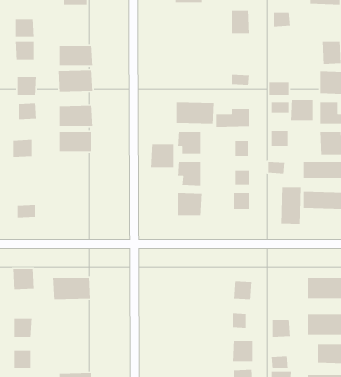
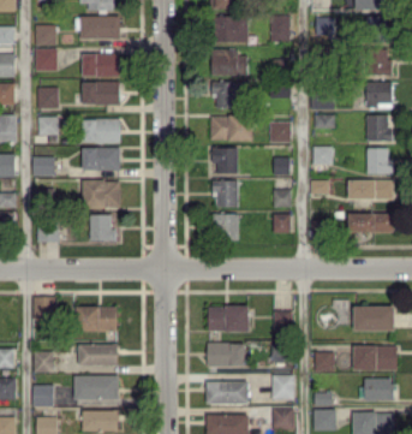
building: none -> [80,16,119,40]
building: none -> [214,16,247,43]
building: none -> [211,49,247,76]
building: none -> [211,82,241,108]
building: [290,99,313,121] -> none
building: [150,143,174,168] -> none
building: none -> [83,180,120,208]
building: [281,186,301,225] -> none
building: none -> [90,215,115,242]
building: none -> [208,305,249,332]
building: none -> [207,343,245,368]
building: none -> [78,345,118,365]
building: none -> [73,375,119,399]
building: none -> [207,381,249,404]

